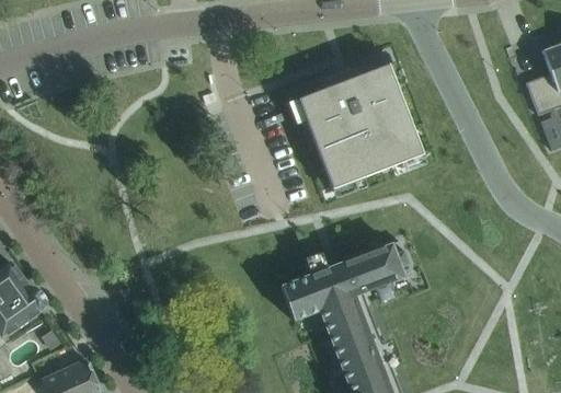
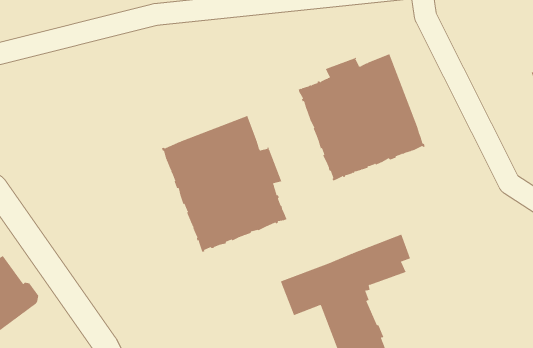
building: none -> [161,115,287,253]

